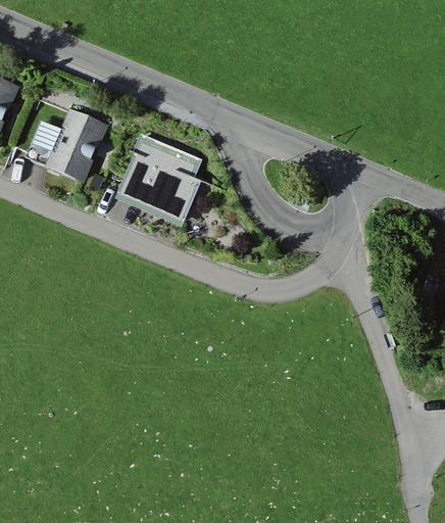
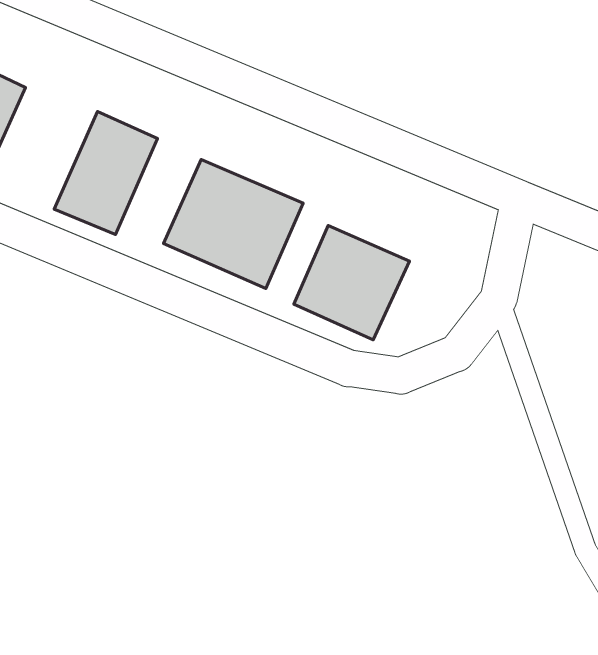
building: none -> [294,226,409,340]

